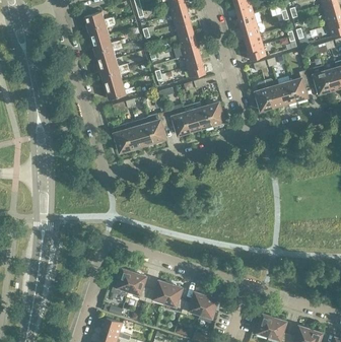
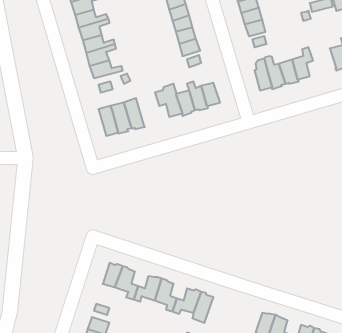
building: [305,66,331,93] -> none
building: [147,113,168,142] -> none

